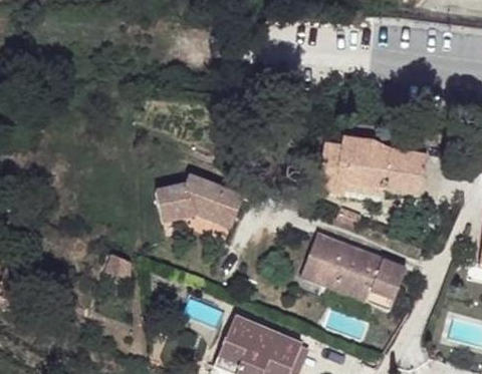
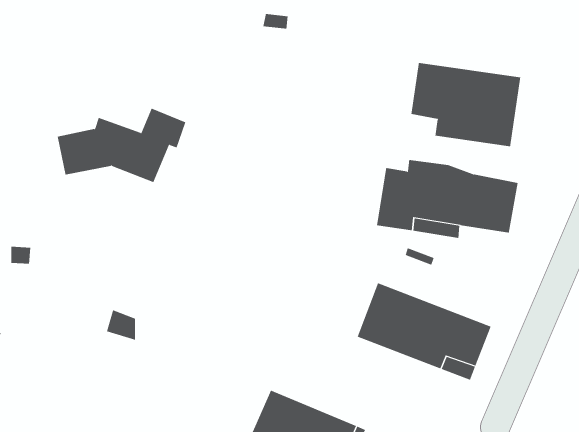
building: none -> [411,62,521,147]
building: [157,167,257,226] -> [57,108,186,183]

